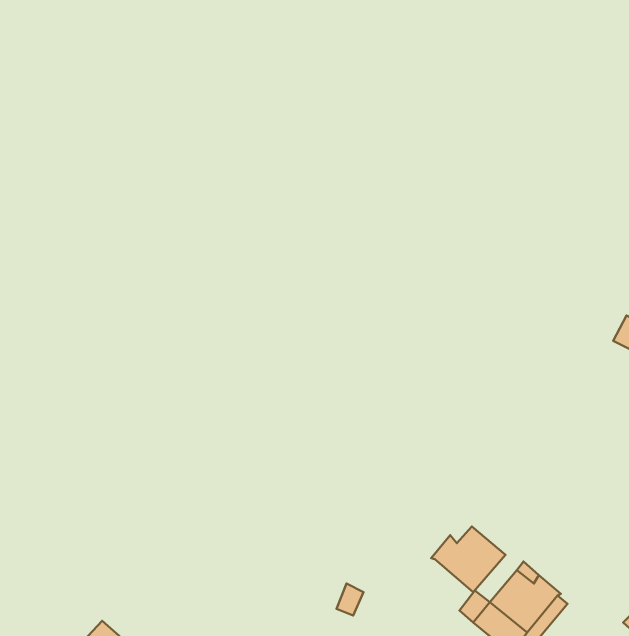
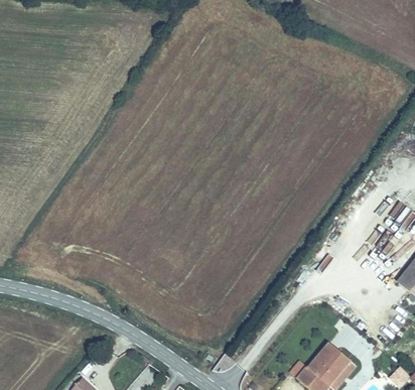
building: [431,526,505,592] -> none

